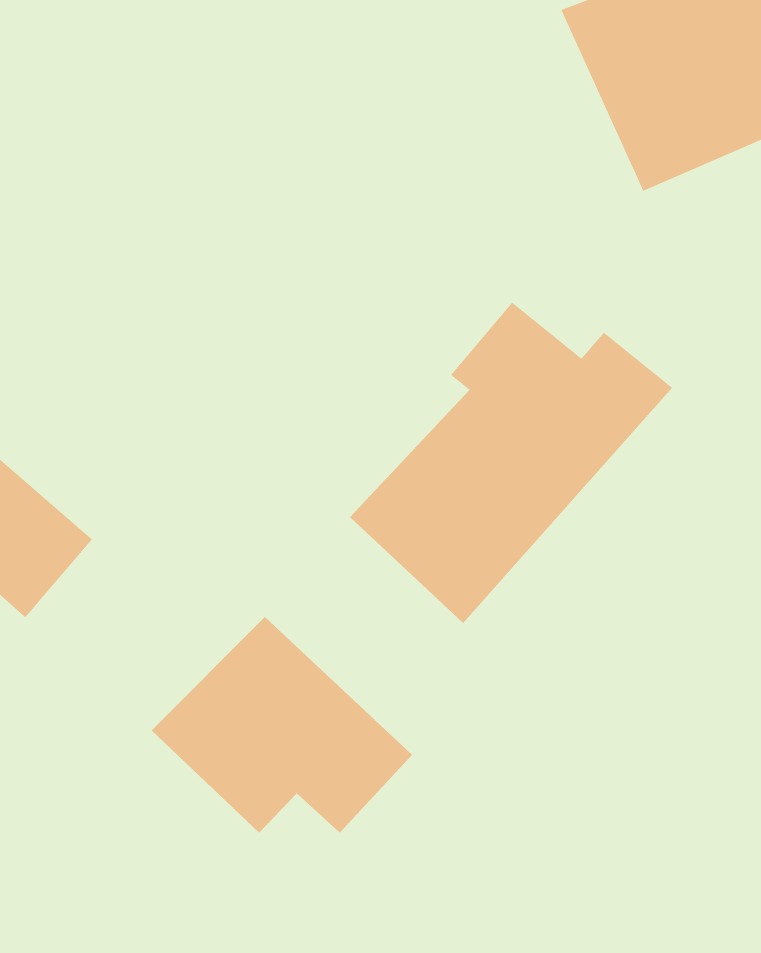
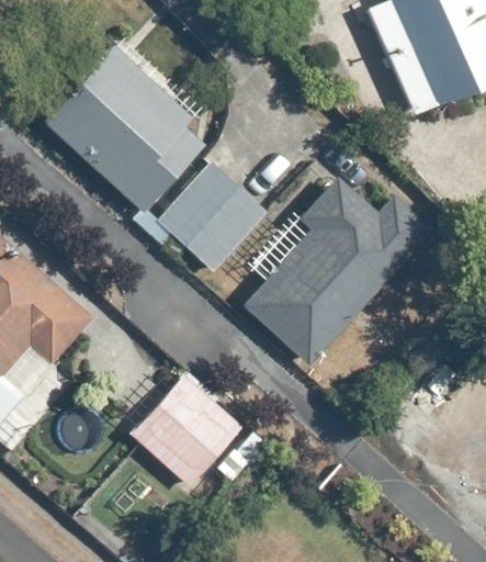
building: none -> [43,46,203,214]
building: none -> [160,158,274,272]

